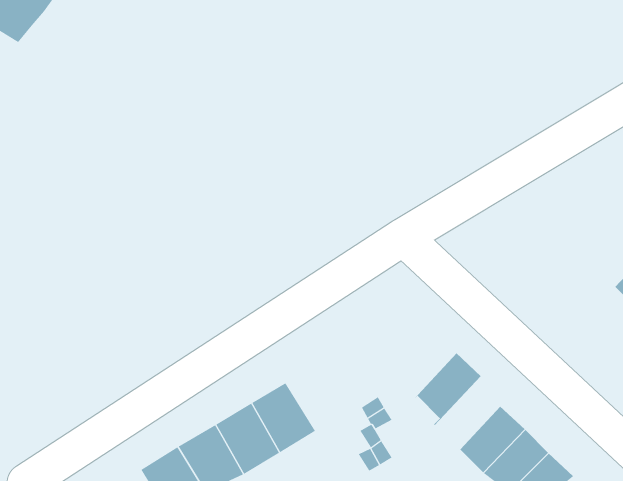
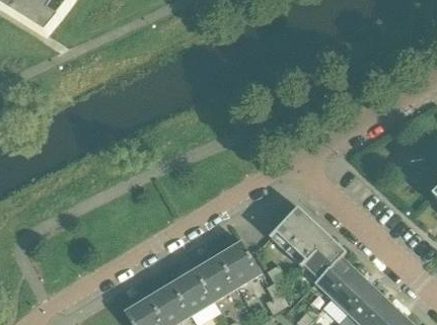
building: none -> [267,202,327,263]
building: none -> [217,238,260,283]
building: none -> [313,248,356,296]

